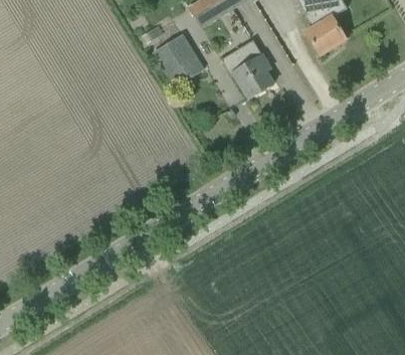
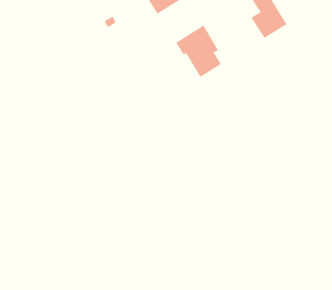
building: [152,32,205,87] -> none

